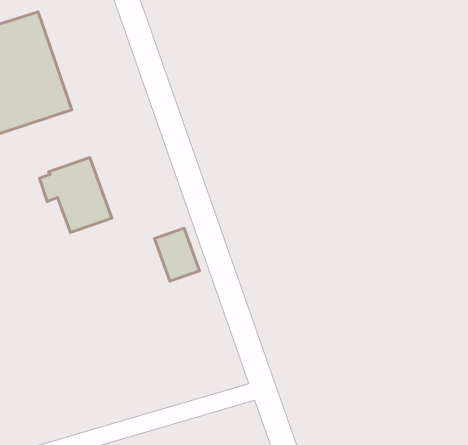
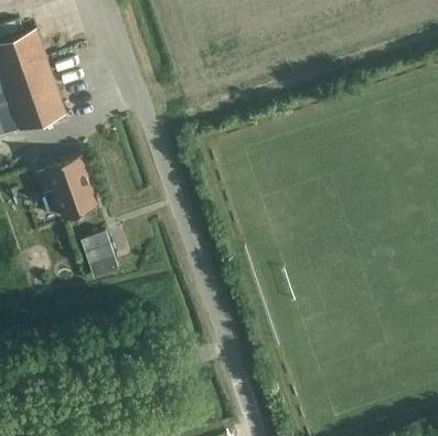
building: [154,228,200,281] -> [79,232,118,277]

